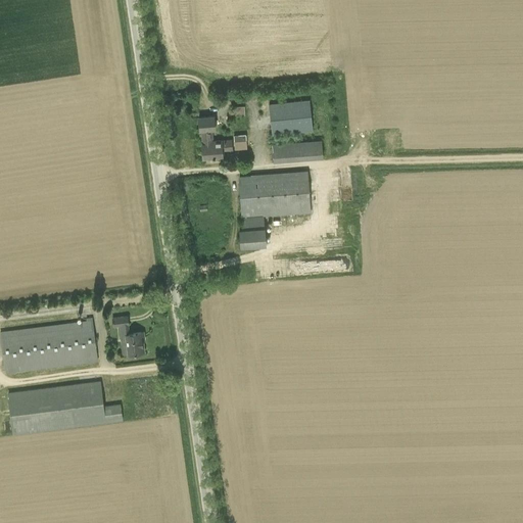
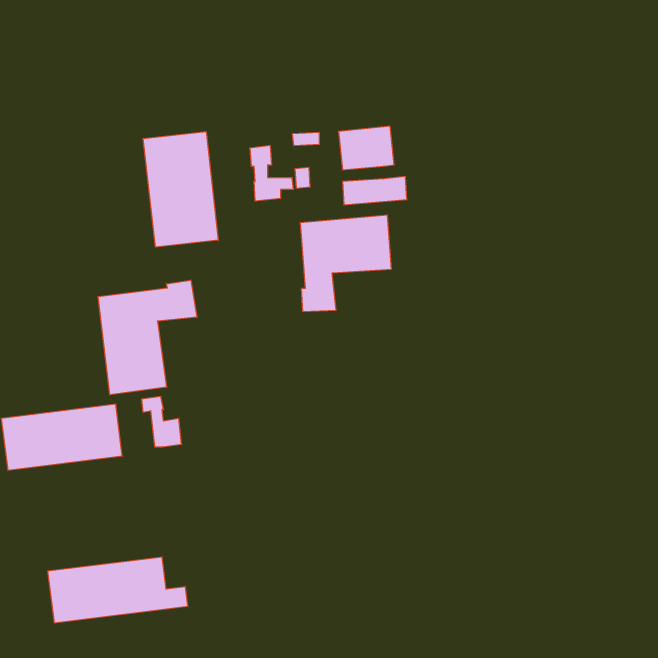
building: none -> [143,132,218,247]
building: none -> [98,280,197,395]
building: [9,382,121,434] -> [48,557,188,623]

